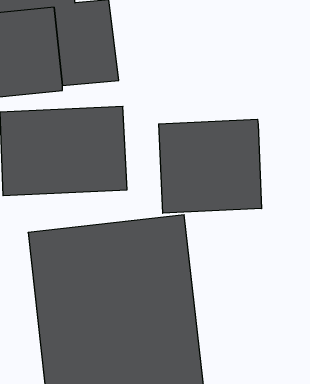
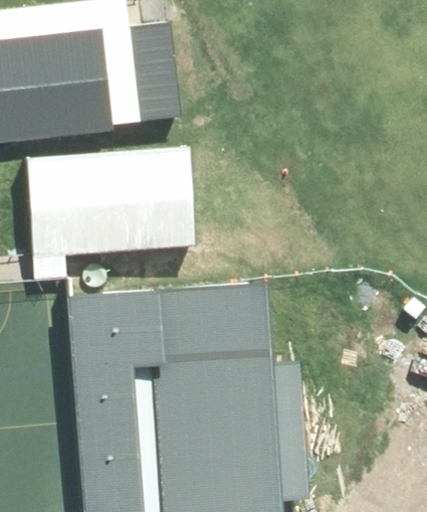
building: [159,119,262,213] -> none

